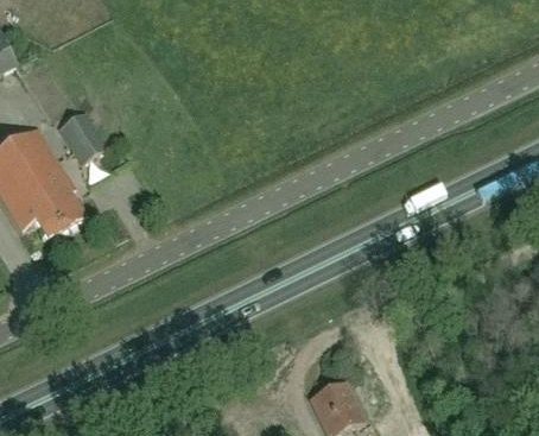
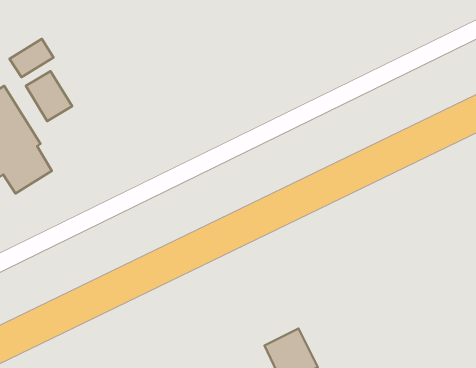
building: none -> [10,39,54,77]

